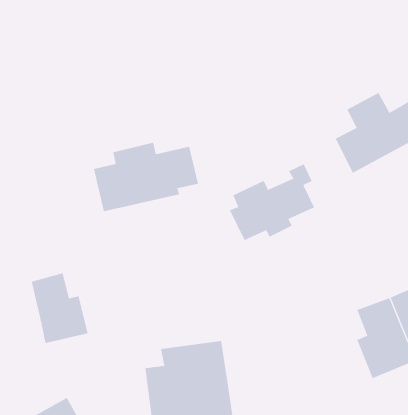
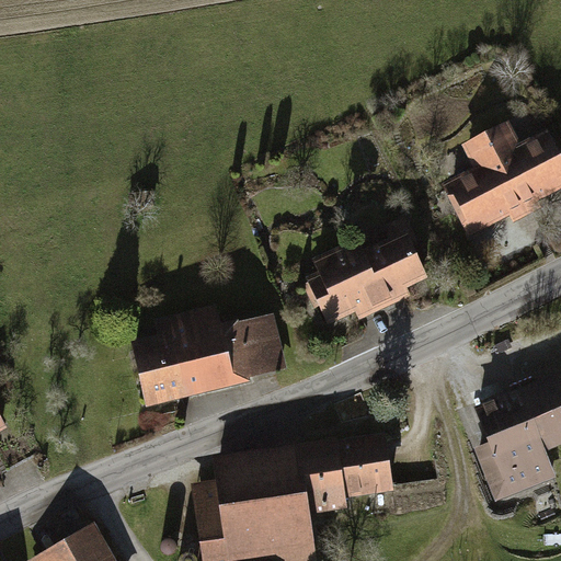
building: [93,142,199,212] -> [137,311,276,403]
building: [31,273,88,344] -> none
building: none -> [299,438,392,507]

